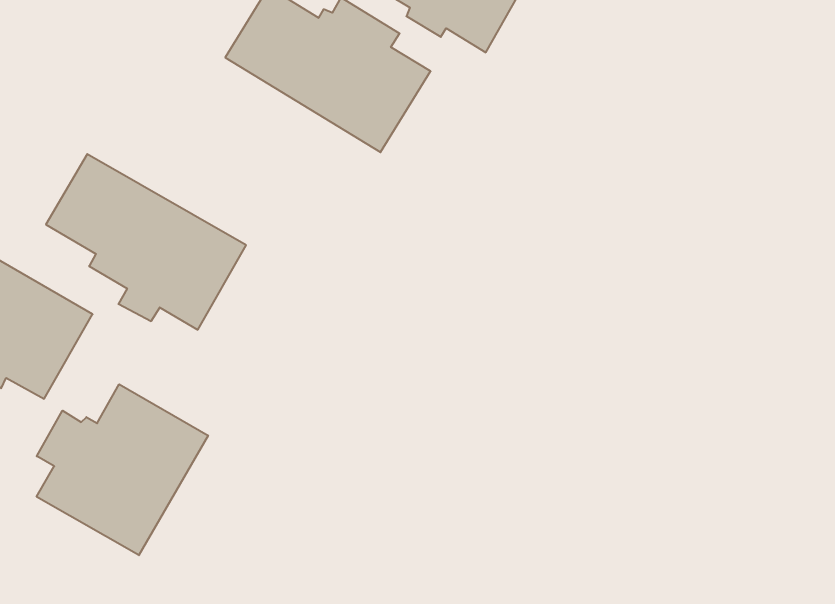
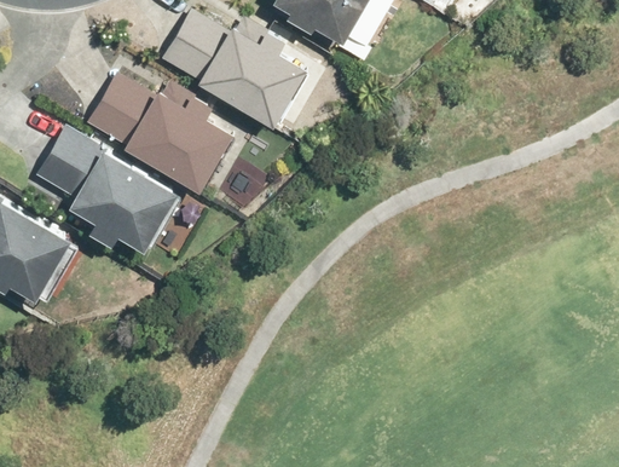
building: none -> [88,79,233,202]
building: [37,384,208,555] -> none

